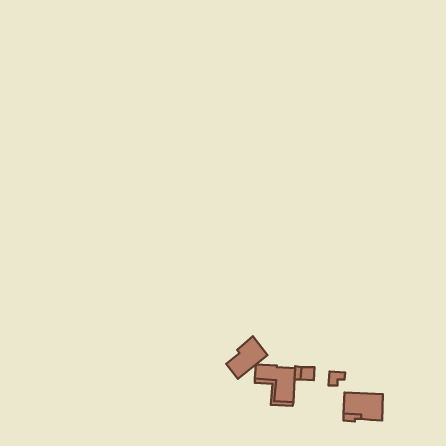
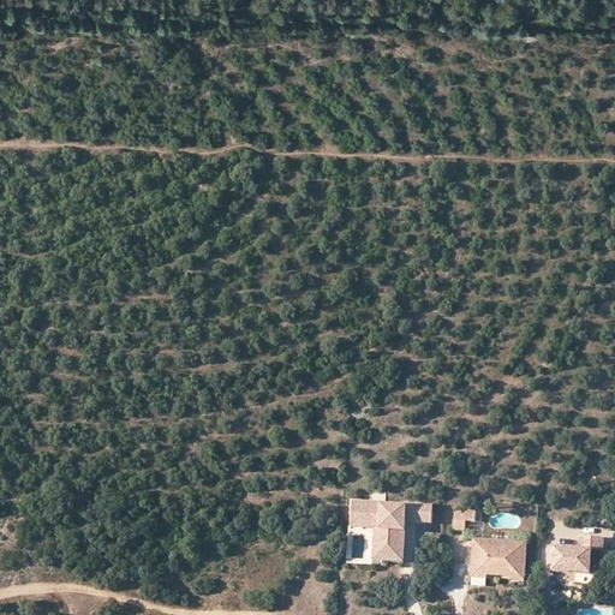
building: [226,336,268,379] -> none
building: none -> [550,536,601,572]

